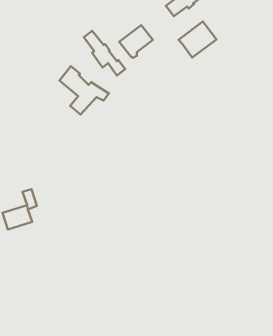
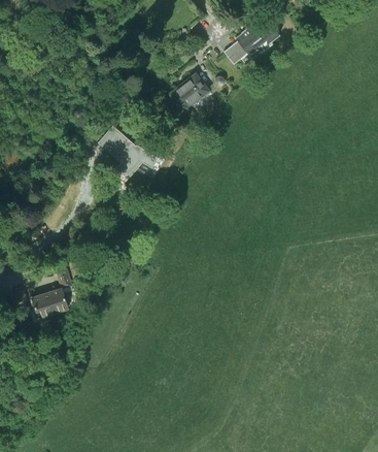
building: [179,22,216,58] -> none
building: [84,31,125,76] -> none

